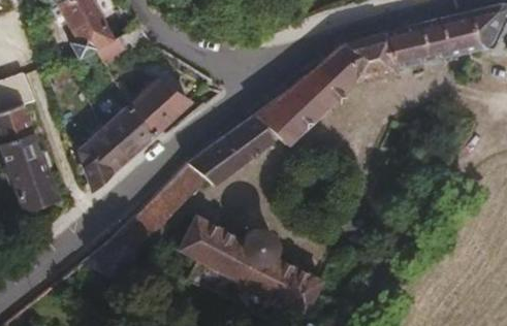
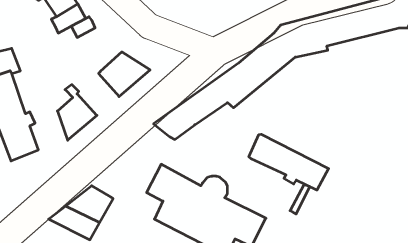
building: [100,90,151,152] -> none
building: [118,162,212,250] -> none
building: none -> [249,134,329,190]

